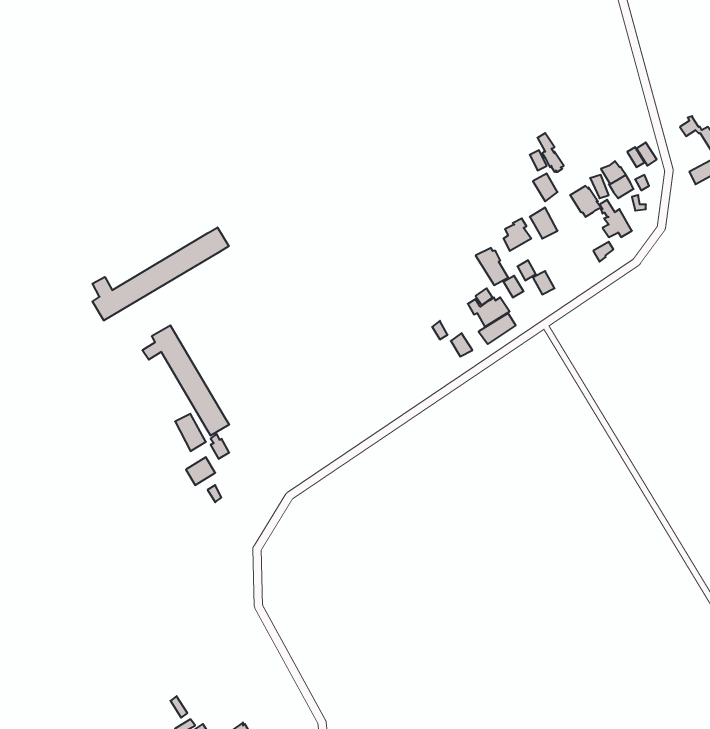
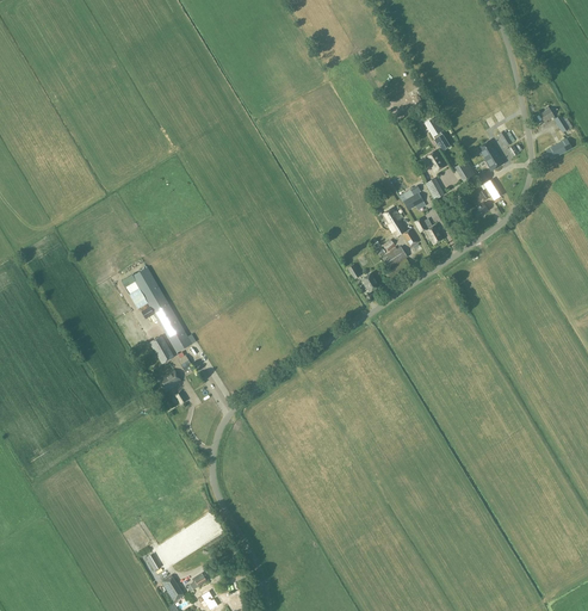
building: [92,227,229,321] -> none

